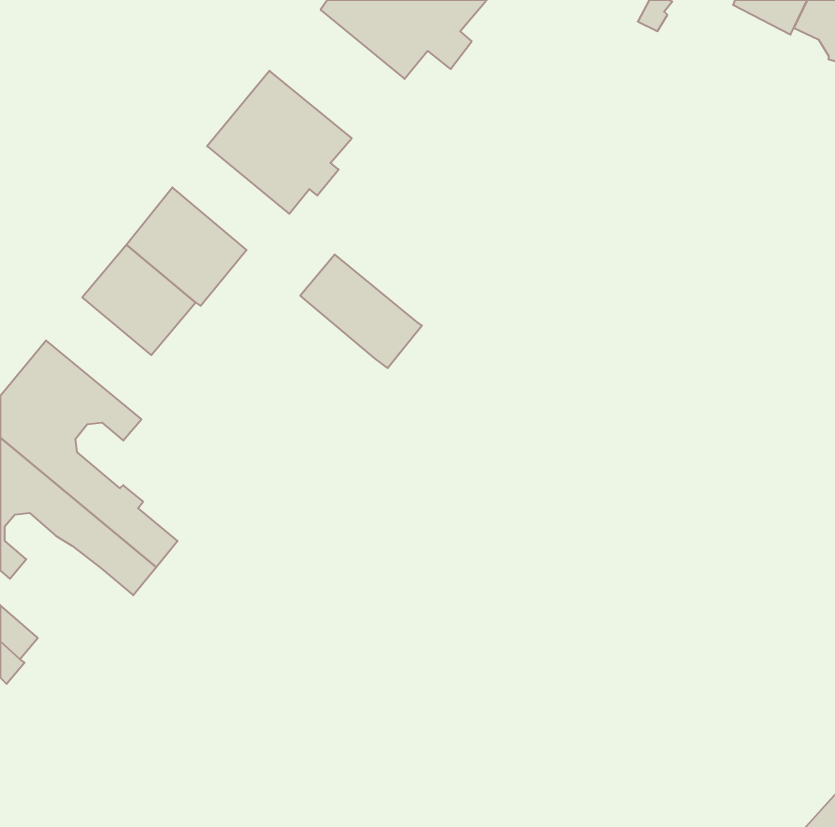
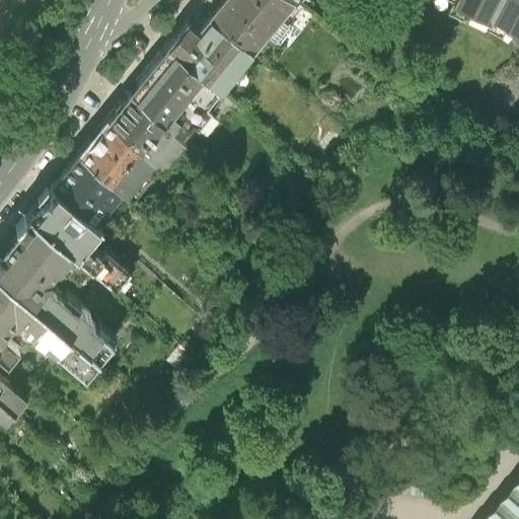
building: none -> [169,14,252,94]
building: [300,255,422,368] -> [109,98,184,168]
building: none -> [31,192,131,289]

